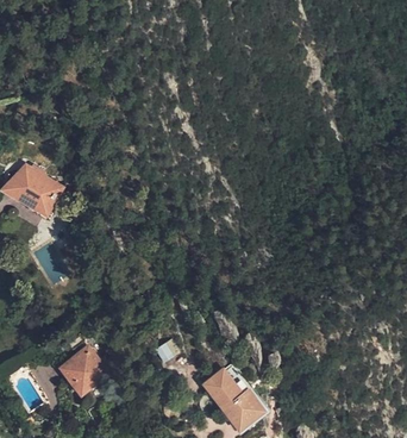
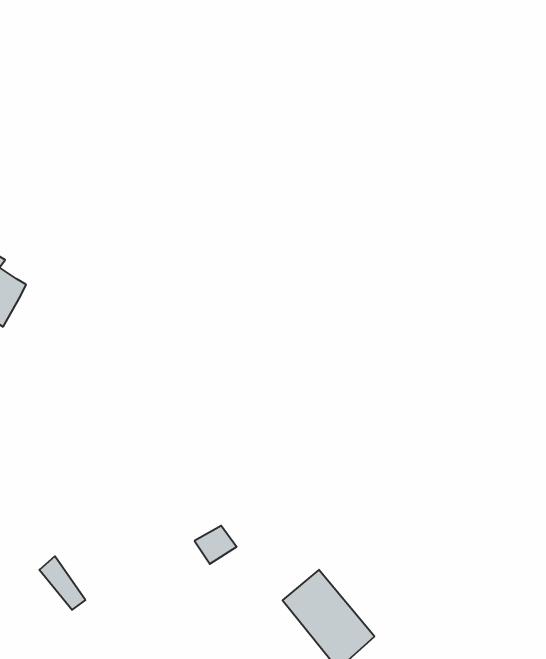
building: [74,348,108,386] -> none

